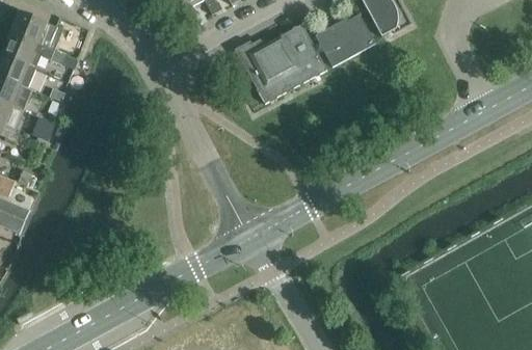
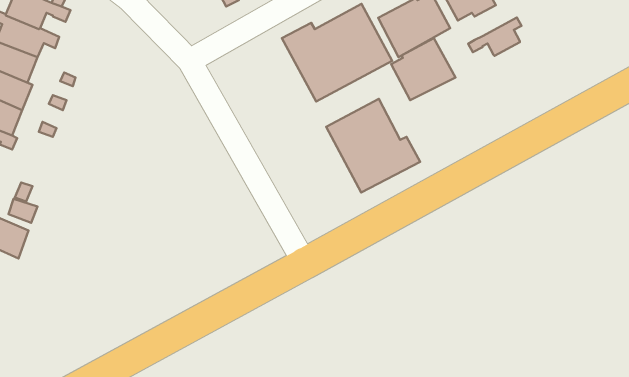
building: none -> [468,17,522,56]
building: none -> [391,38,455,100]
building: none -> [326,99,420,193]

